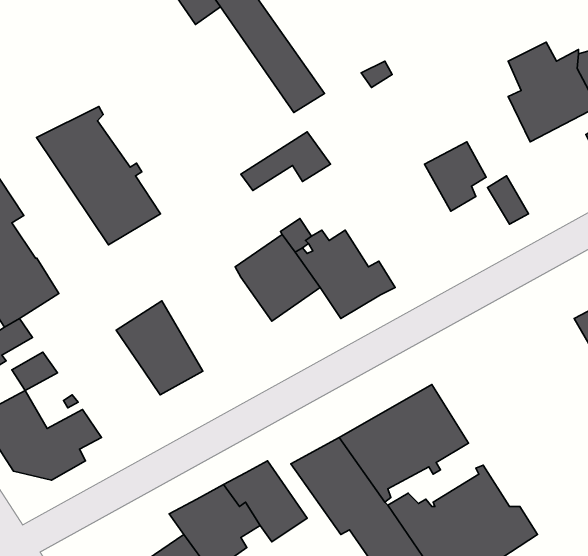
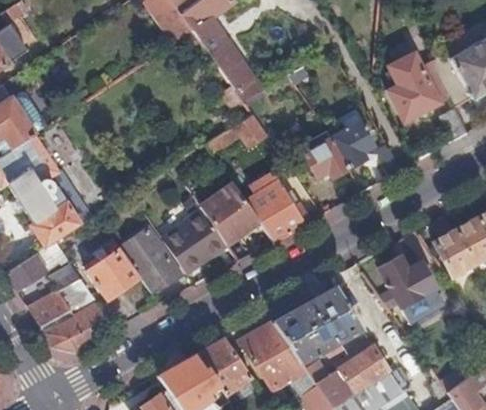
building: [37,107,161,245] -> none
building: none -> [303,136,349,177]
building: none -> [163,213,227,268]
building: none -> [87,249,140,300]
building: none -> [379,255,435,309]

